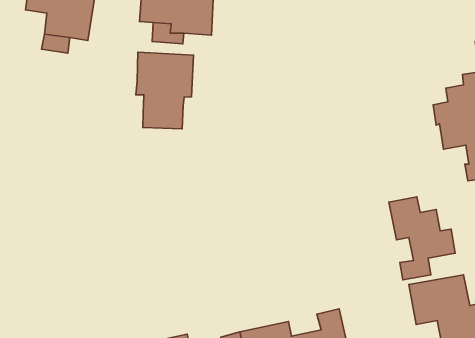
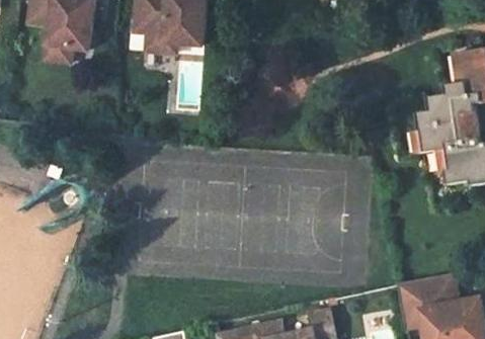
building: [136,52,194,129] -> none
building: [389,197,455,280] -> none

